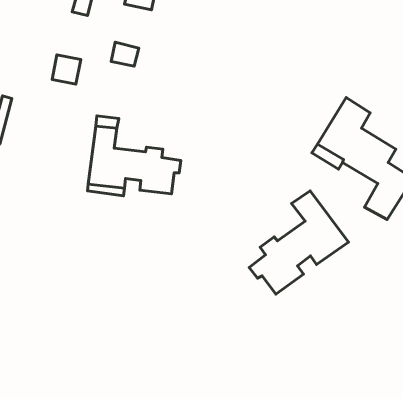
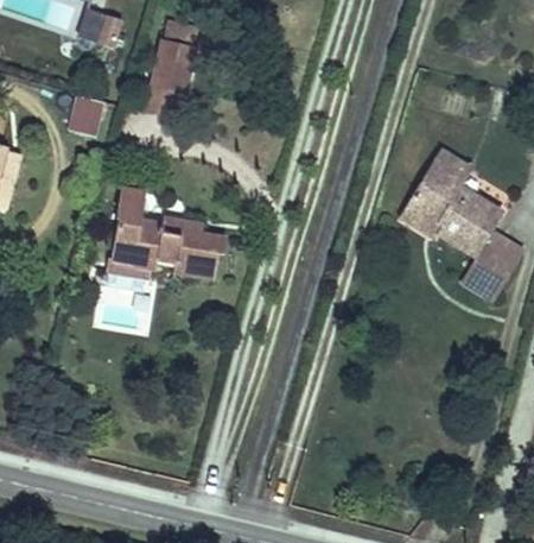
building: none -> [154,38,195,84]
building: [249,191,349,294] -> none

